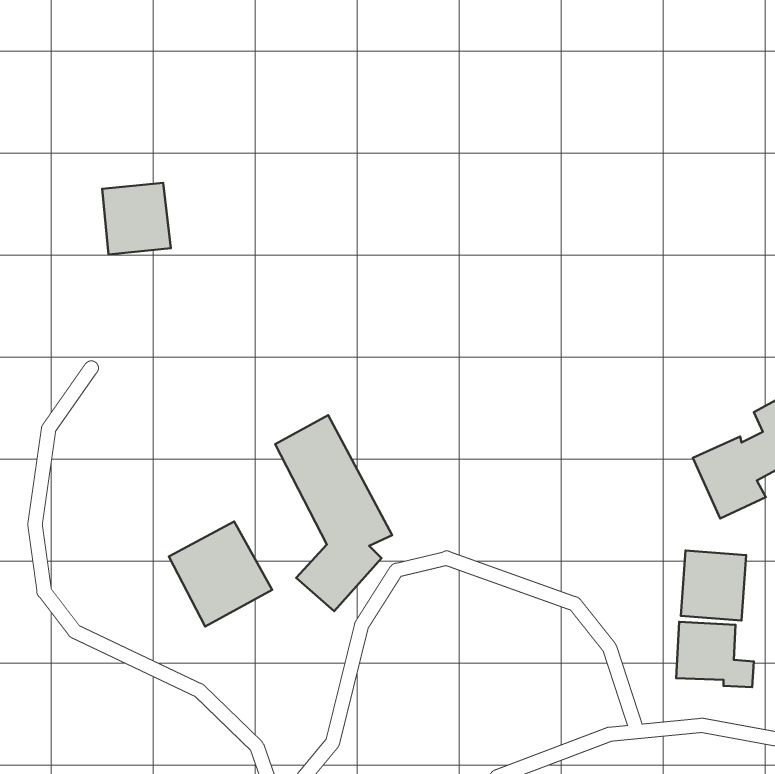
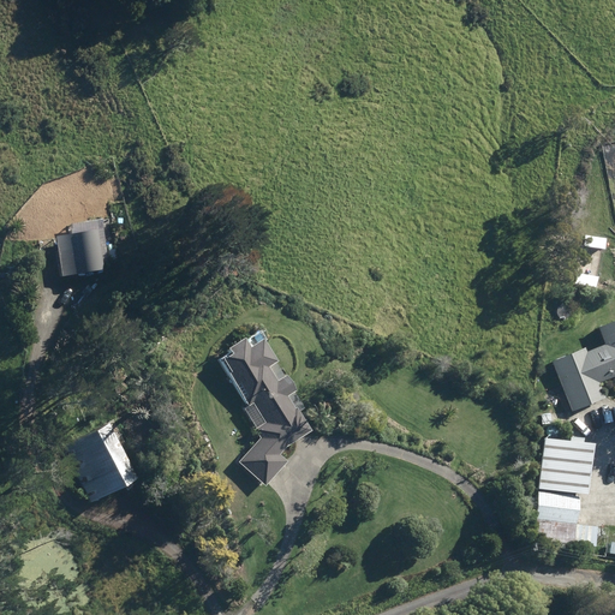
building: [102,183,171,254] -> [61,221,115,277]
building: [169,522,272,626] -> [59,420,141,503]

